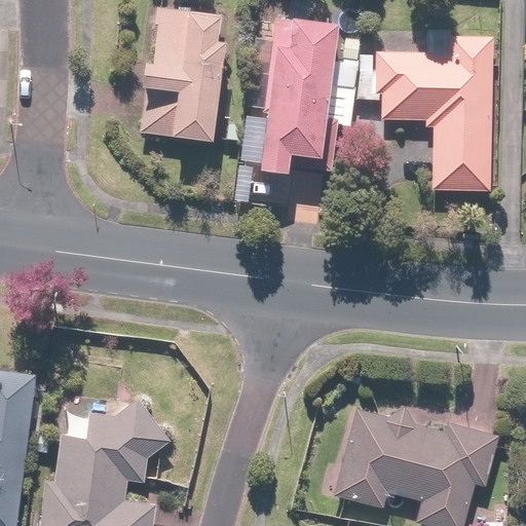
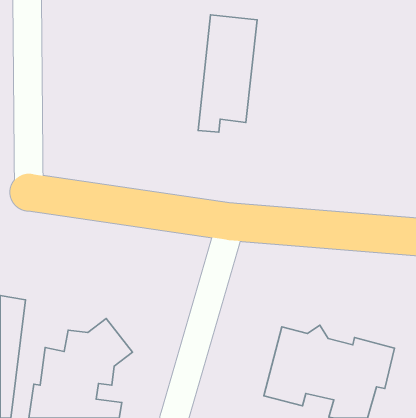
building: [140,7,223,144] -> none
building: [376,37,494,191] -> none

